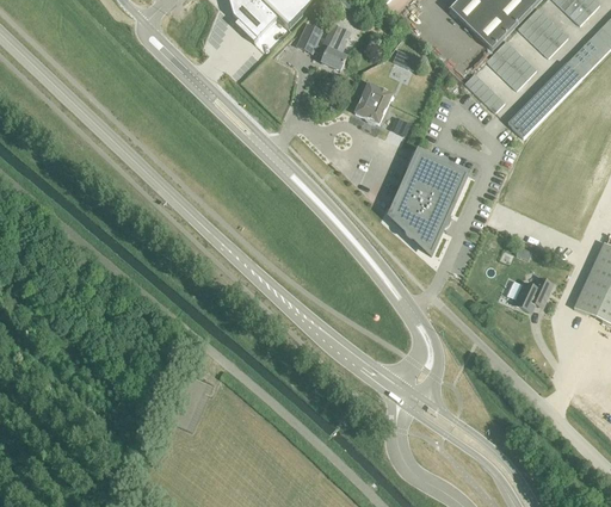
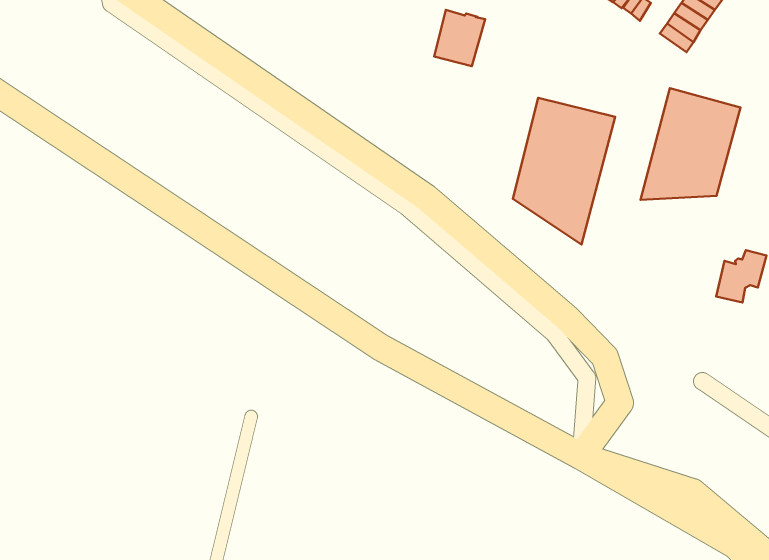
building: none -> [641,88,741,200]

